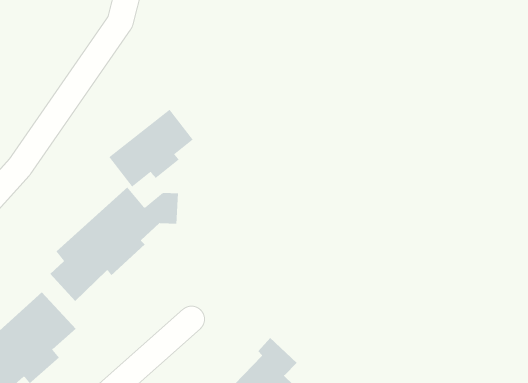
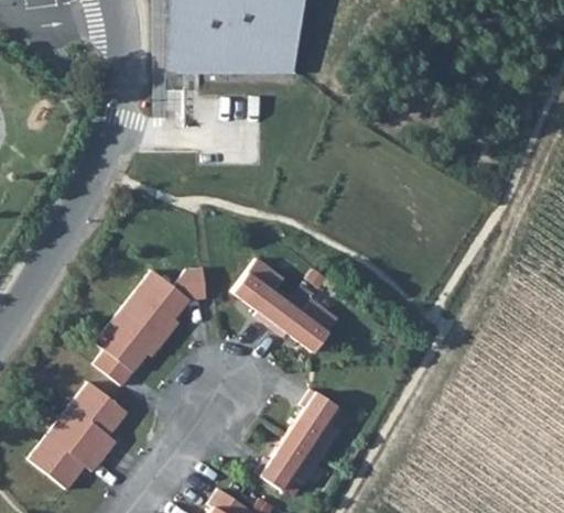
building: [108,109,193,188] -> none
building: none -> [234,259,339,352]

